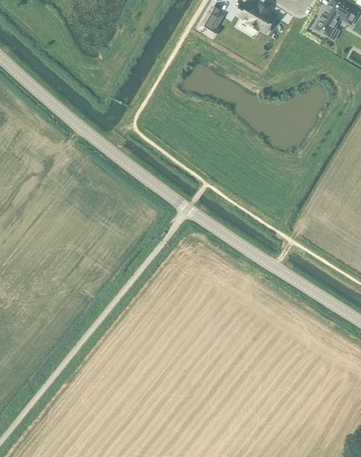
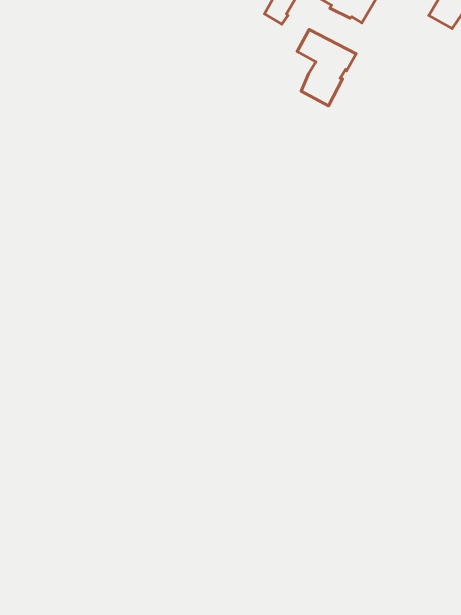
building: none -> [297,30,356,106]

